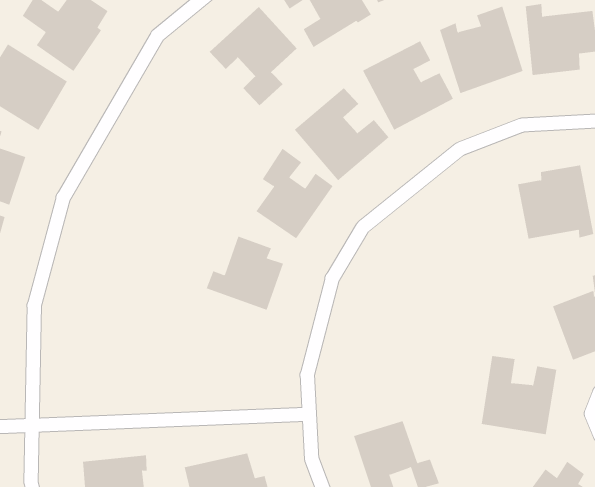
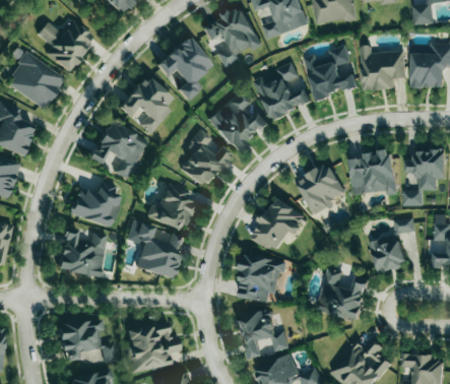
building: none -> [119,75,173,133]
building: none -> [90,121,145,178]
building: none -> [297,165,343,215]
building: none -> [69,180,122,228]
building: none -> [252,197,306,252]
building: none -> [126,219,185,278]
building: none -> [58,228,106,276]
building: none -> [237,254,285,303]

